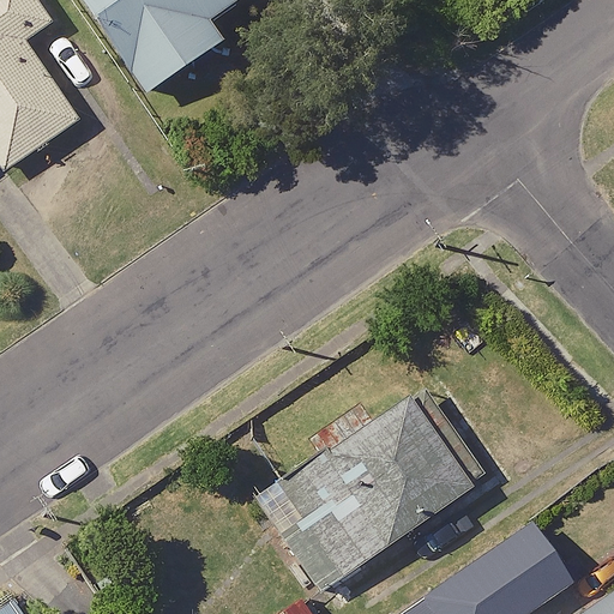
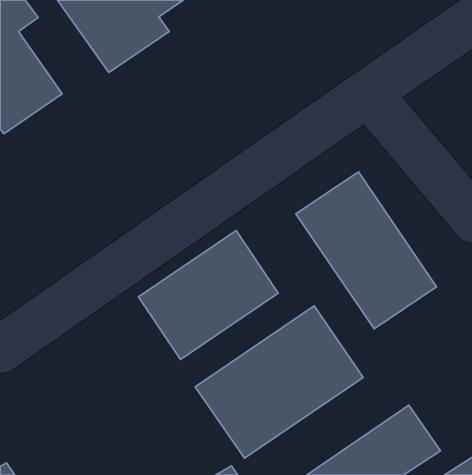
building: none -> [296,172,437,329]
building: none -> [138,230,278,360]

